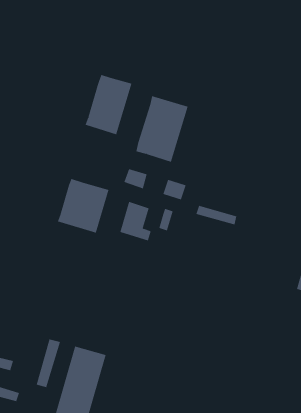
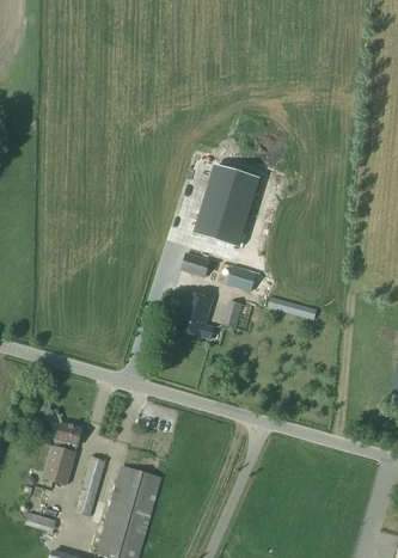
building: [85,74,132,135] -> none
building: [57,178,109,234] -> none
building: none -> [43,421,82,484]

